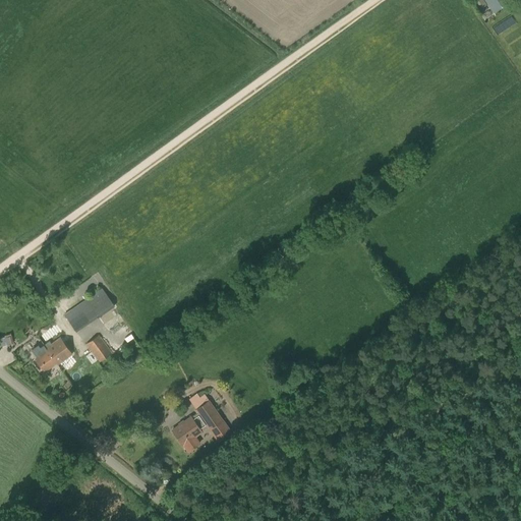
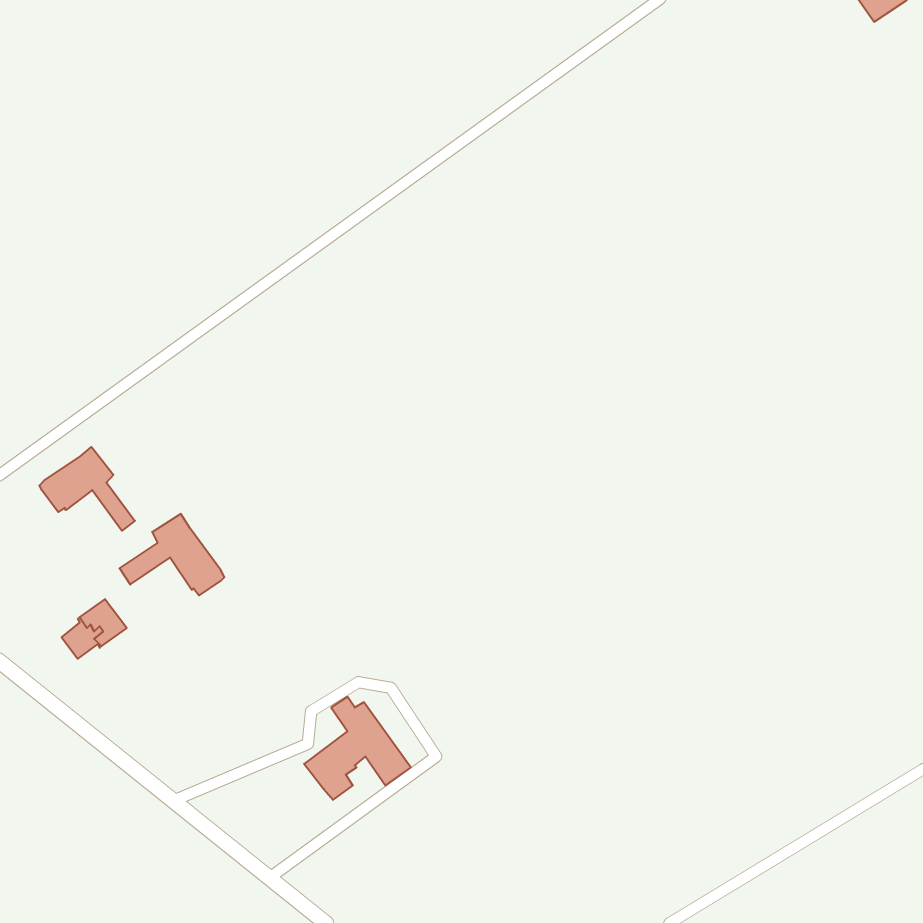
building: none -> [39,447,135,531]
building: [84,334,111,361] -> none

